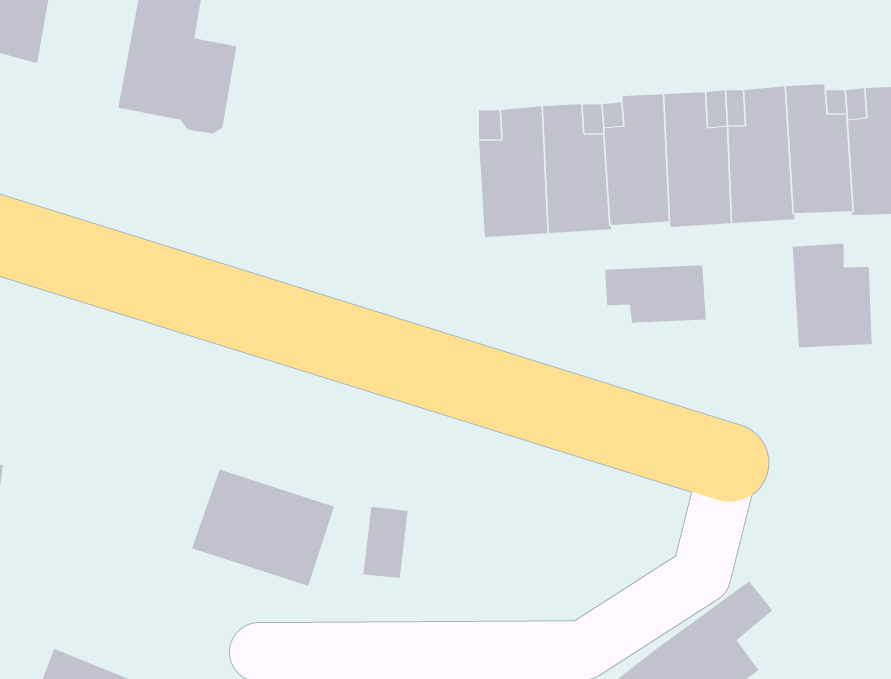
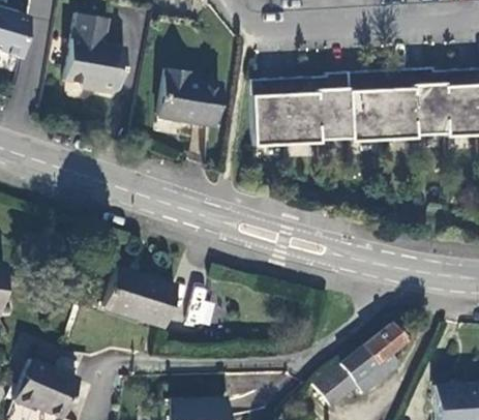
building: none -> [159,69,221,126]
building: [792,243,872,348] -> none
building: [605,264,707,324] -> none

